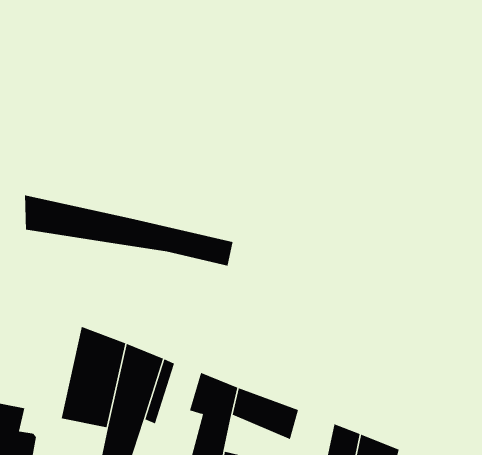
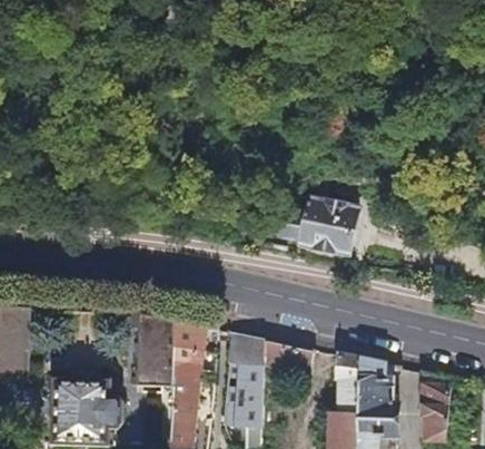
building: [25,195,233,266] -> none
building: none -> [280,197,358,257]

